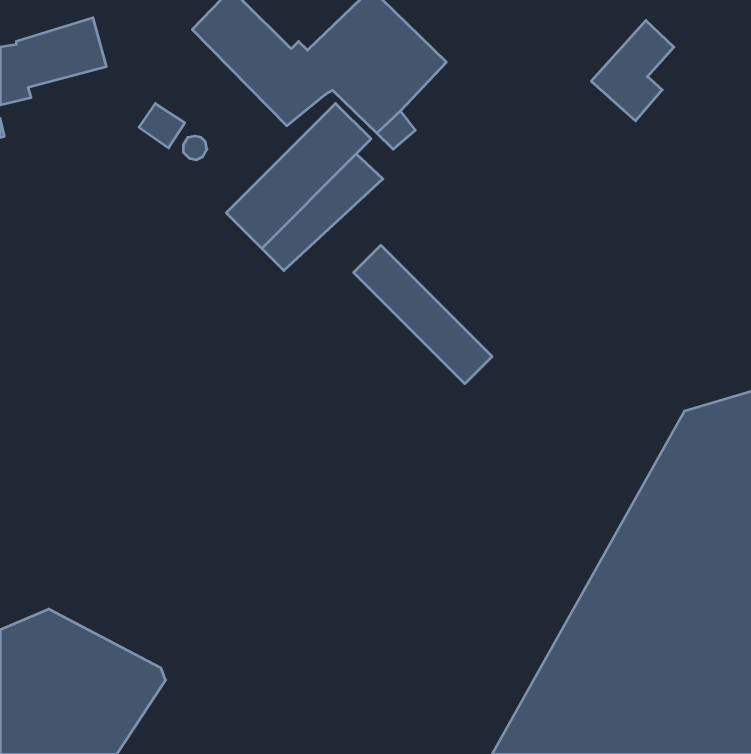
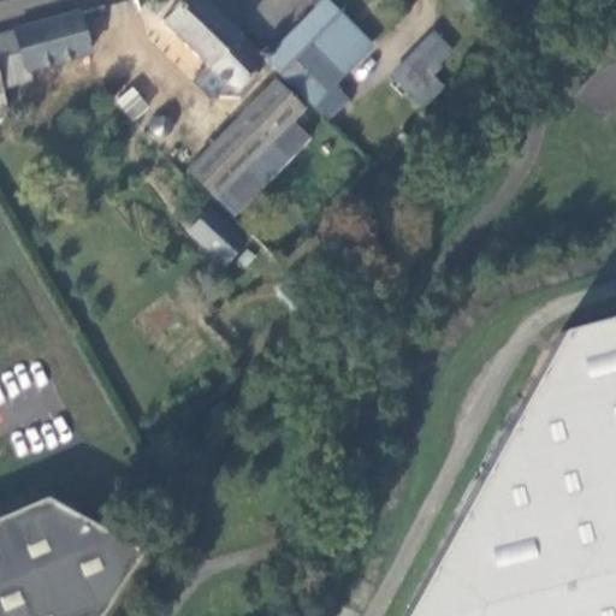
building: [591,20,674,121] -> [391,26,458,108]
building: [354,245,492,384] -> none
building: none -> [190,211,244,265]

